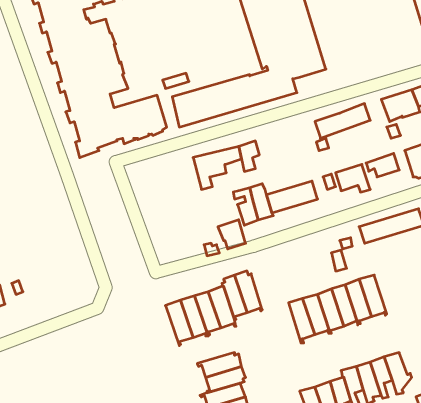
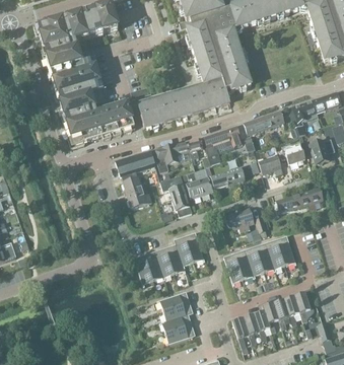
building: none -> [203,126,243,164]
building: none -> [115,149,154,208]
building: none -> [159,175,187,200]
building: none -> [226,208,253,232]

